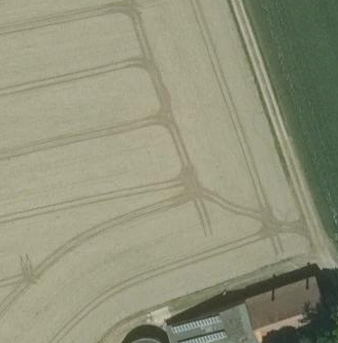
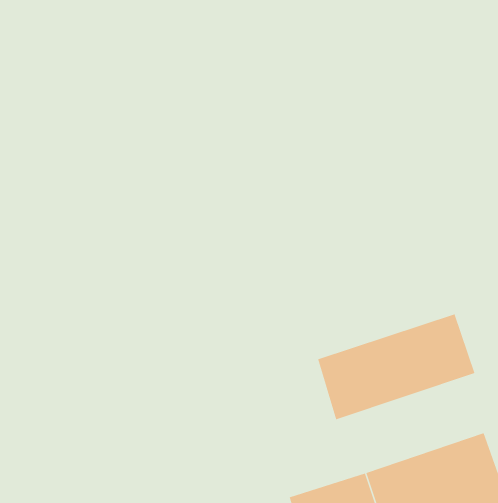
building: none -> [318,313,475,420]

